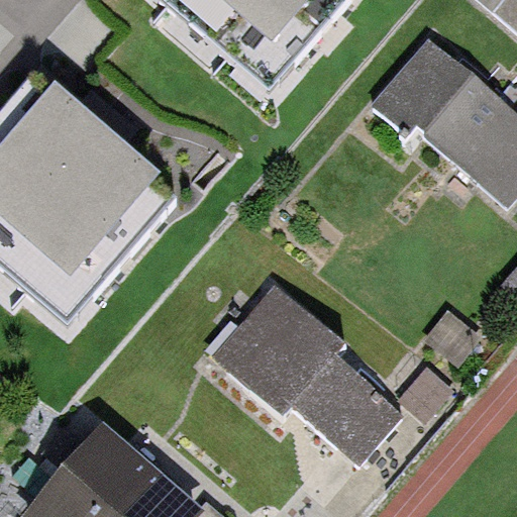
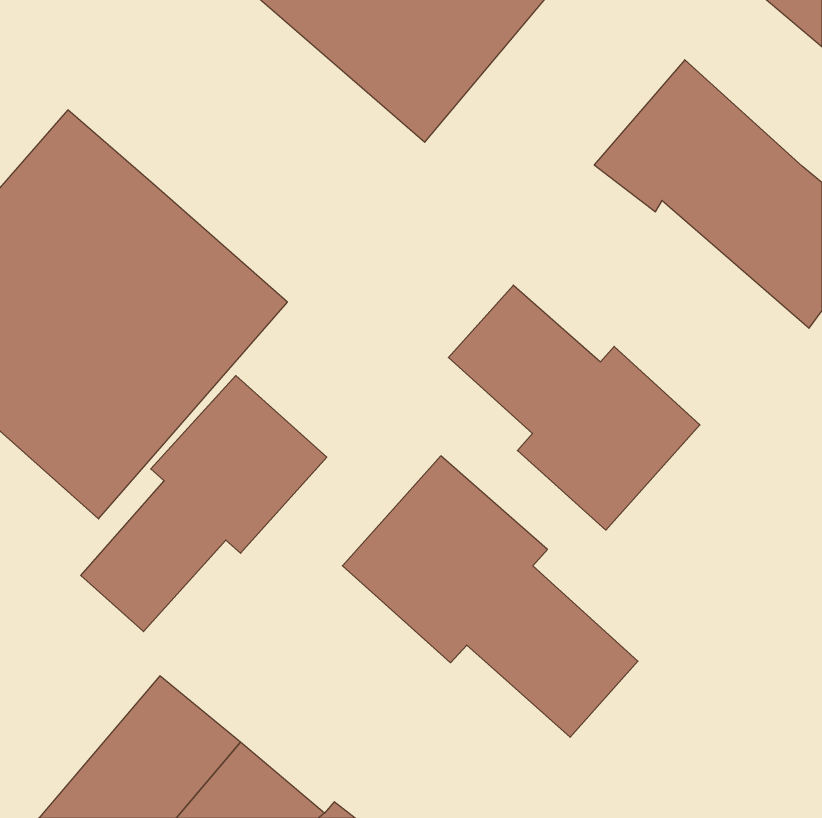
building: none -> [448,285,700,530]
building: none -> [81,376,327,632]

